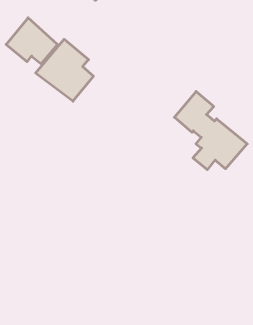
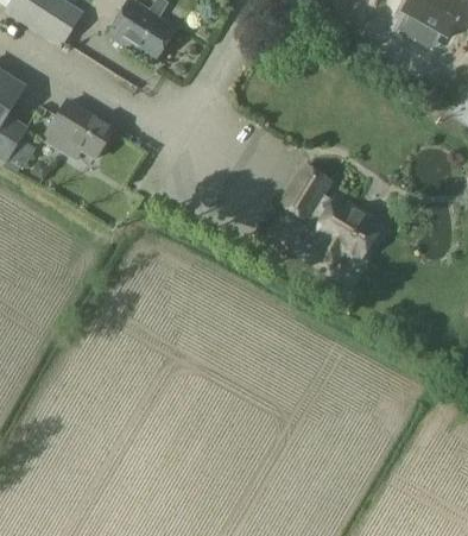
building: [36,39,93,101] -> none

